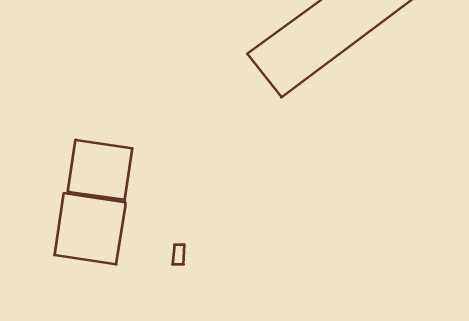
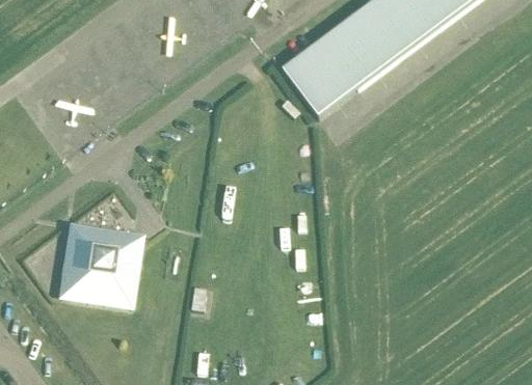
building: [68,140,132,200] -> none

